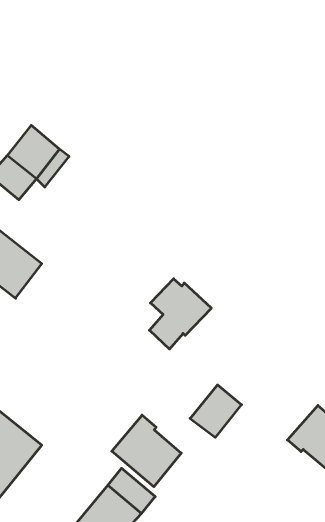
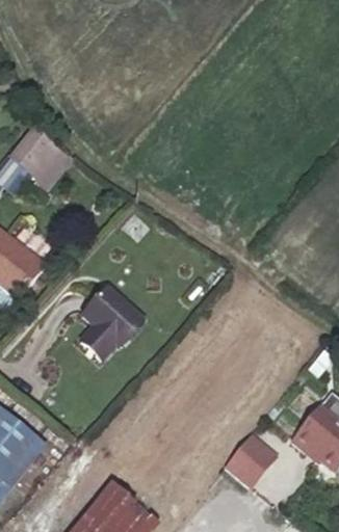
building: [149,279,211,349] -> [81,289,142,358]
building: [190,385,242,437] -> [223,433,273,485]
building: [112,415,181,487] -> none

